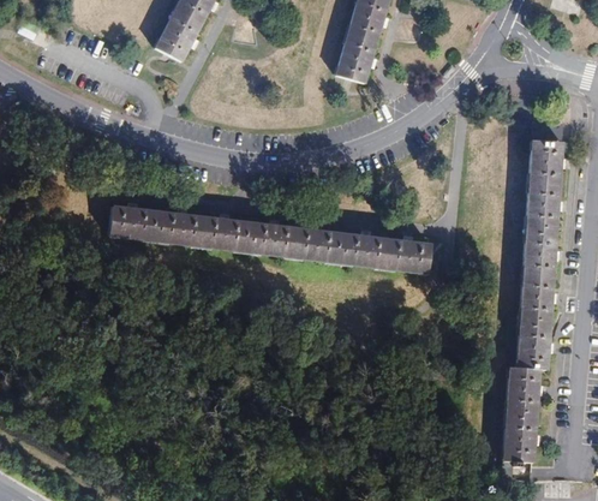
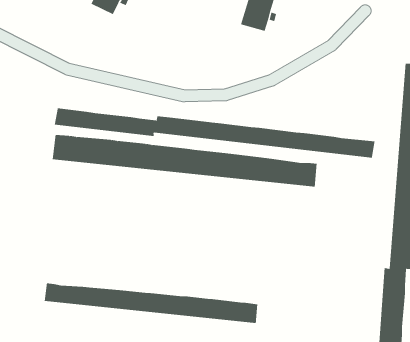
building: none -> [54,108,375,158]
building: none -> [44,283,258,324]

